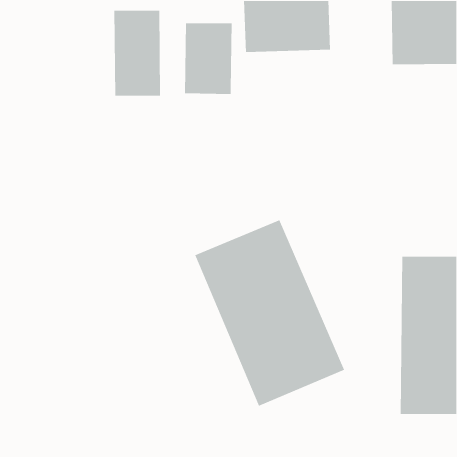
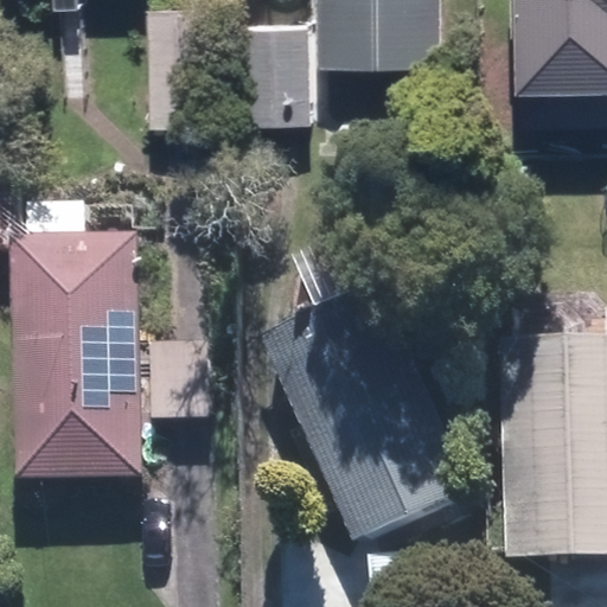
building: none -> [19,235,139,471]

